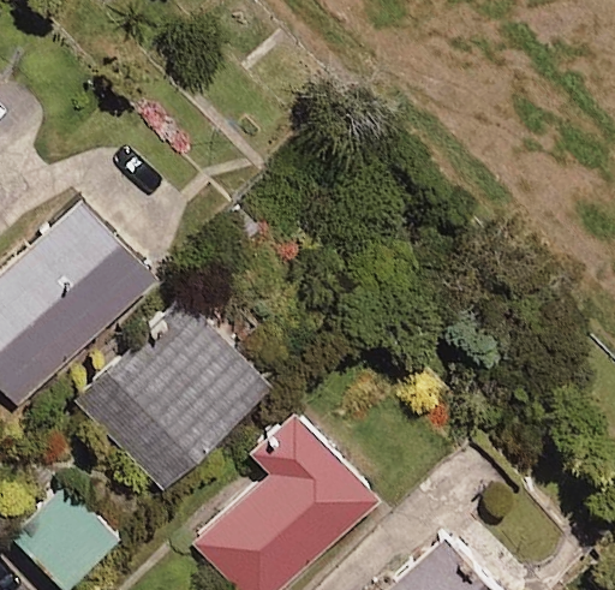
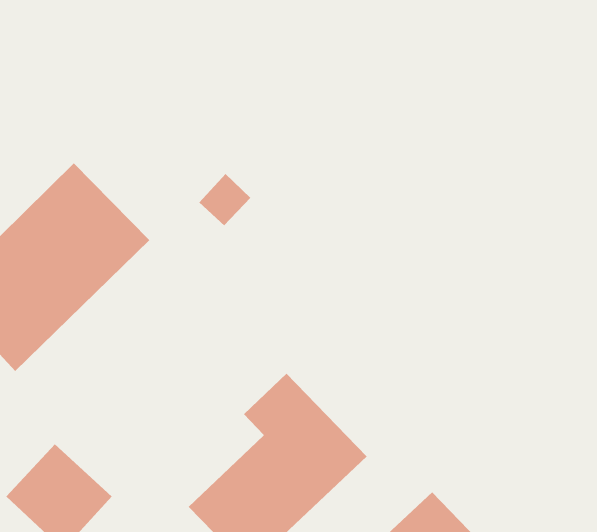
building: [70,296,267,493] -> none

